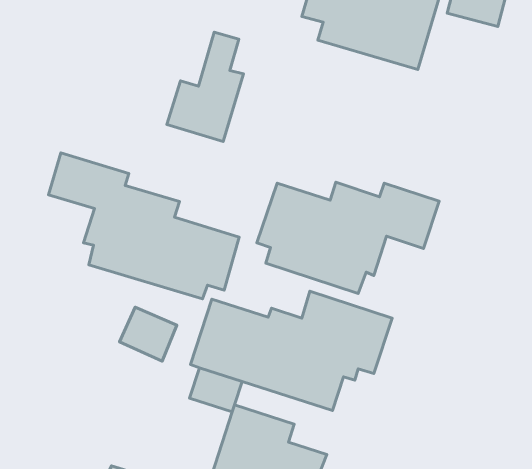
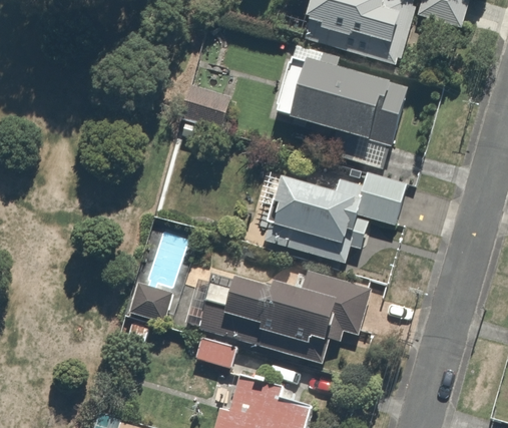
building: none -> [270,40,410,149]
building: [49,153,239,299] -> none

